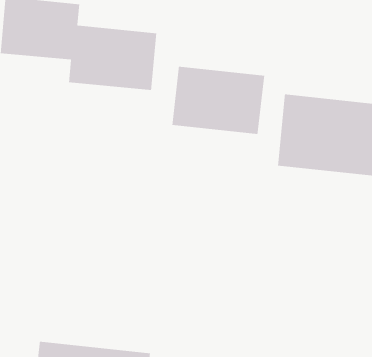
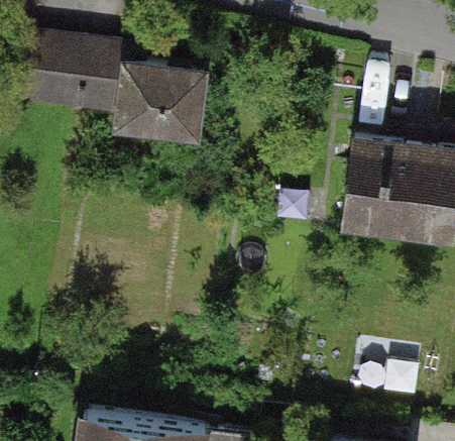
building: [171,66,265,135] -> none

